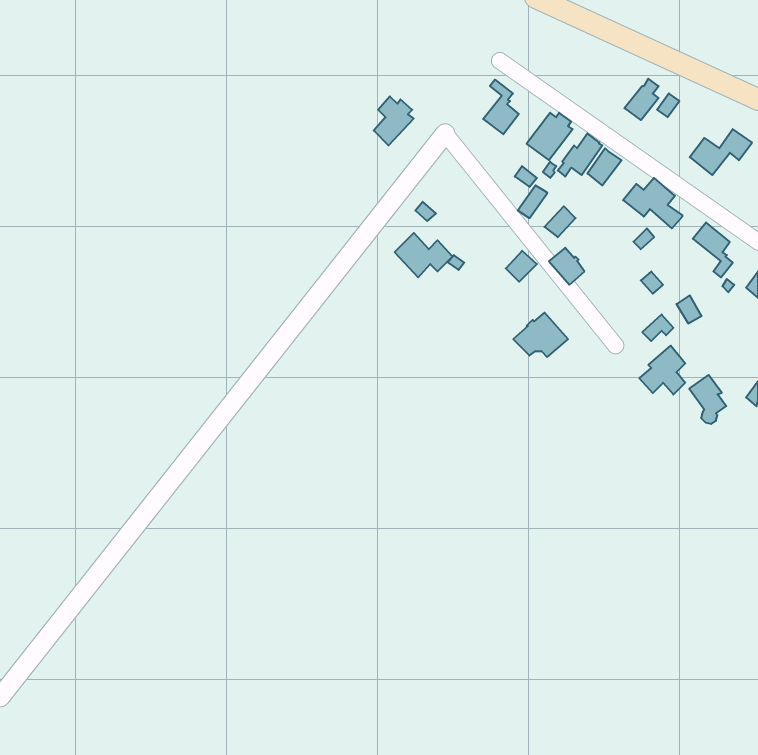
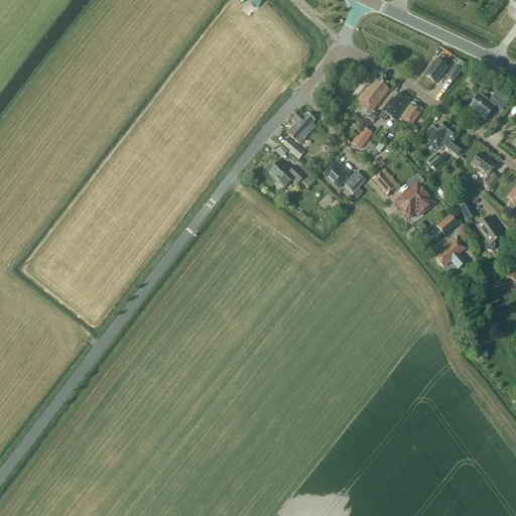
building: [483,80,519,134] -> none
building: [374,96,414,145] -> [288,110,315,143]
building: none -> [322,160,350,186]
building: [513,313,568,357] -> [396,183,433,214]
building: [689,375,726,424] -> [476,216,501,249]

